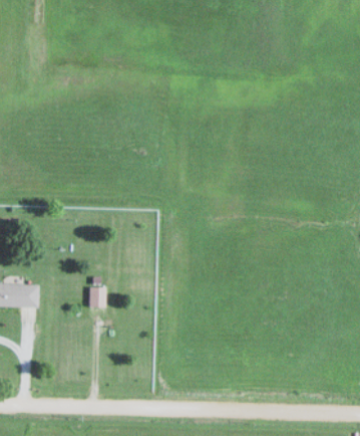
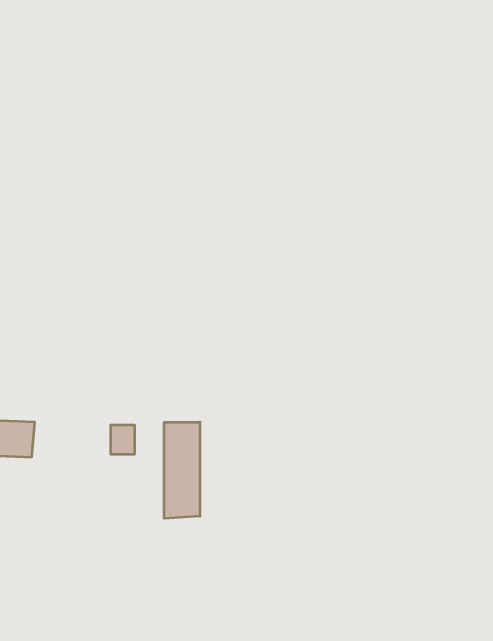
building: none -> [164,422,200,518]

